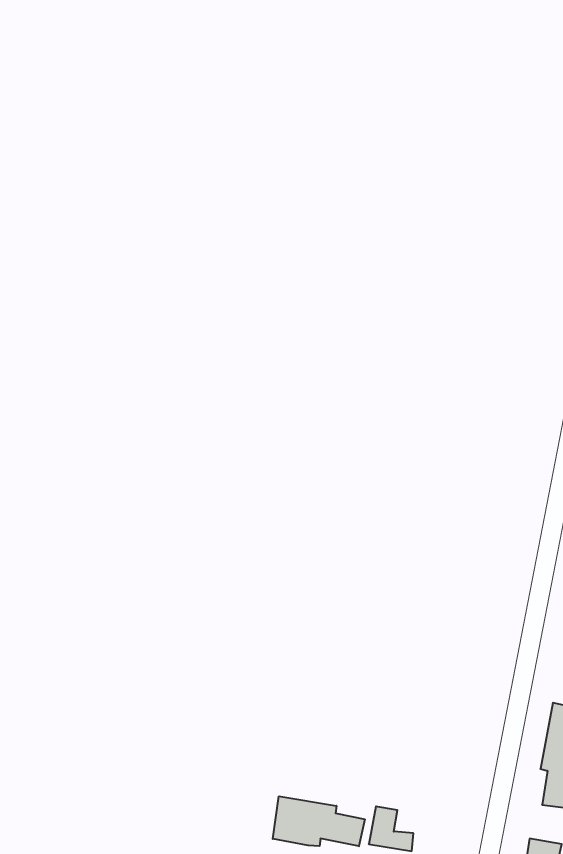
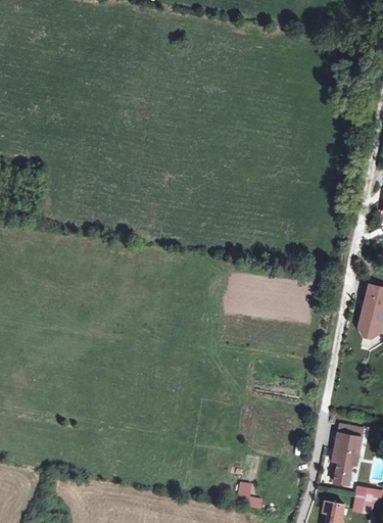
building: [273,796,365,846] -> none

